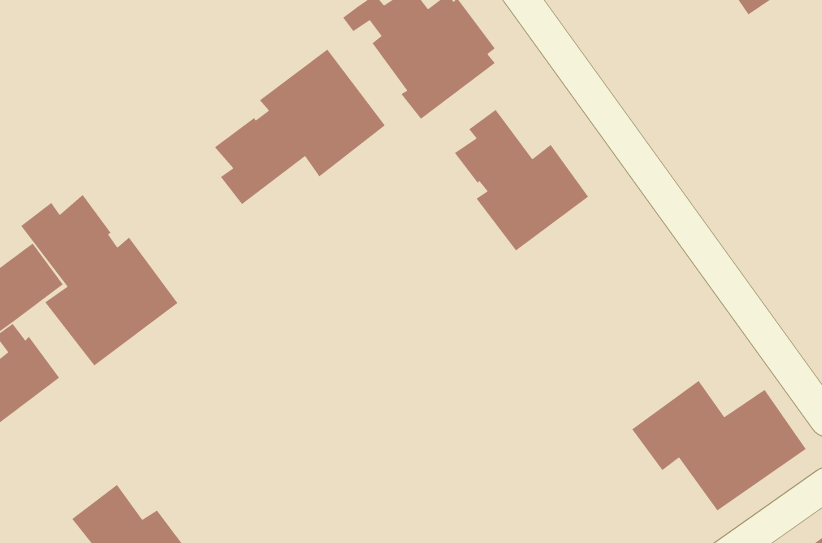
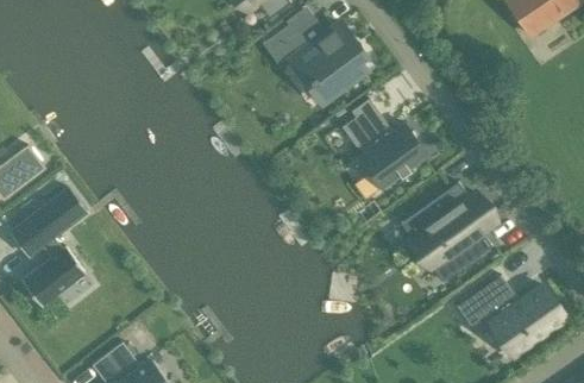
building: [214,49,386,205] -> none
building: [20,194,179,366] -> none
building: none -> [402,183,500,282]

